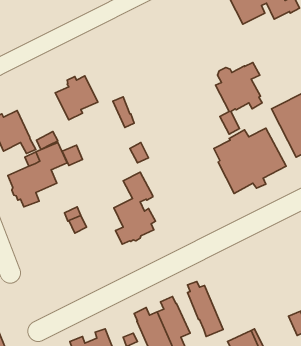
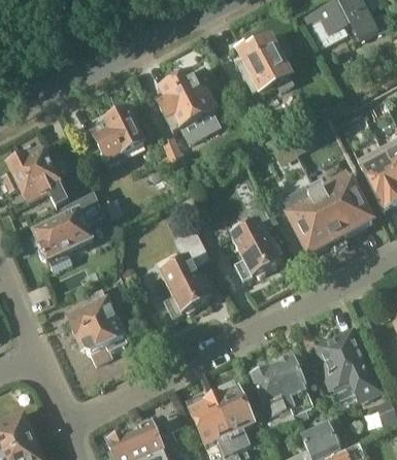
building: none -> [159,68,216,142]
building: [216,62,262,134] -> [236,34,293,122]
building: none -> [231,203,282,281]
building: none -> [69,293,126,363]
building: none -> [315,334,385,401]
building: none -> [273,352,313,420]

